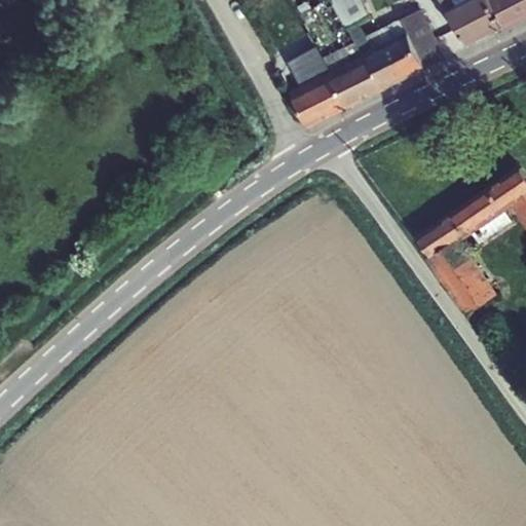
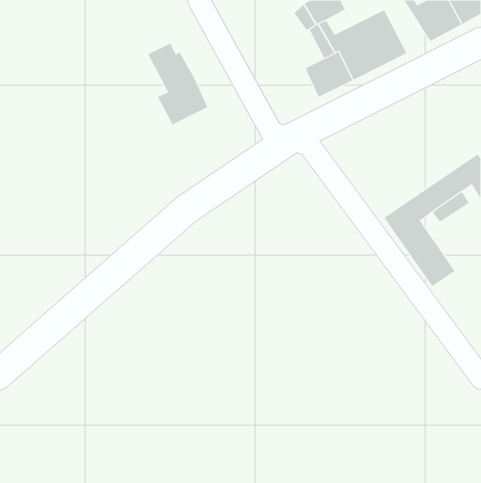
building: [279,37,345,126] -> [148,43,208,125]

